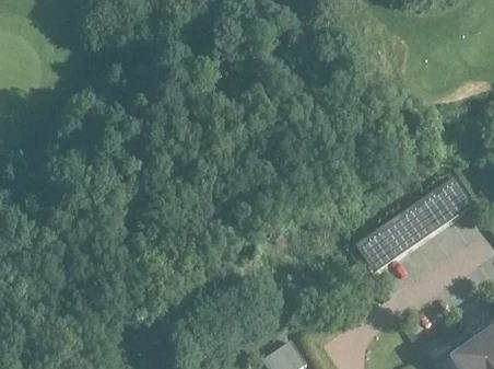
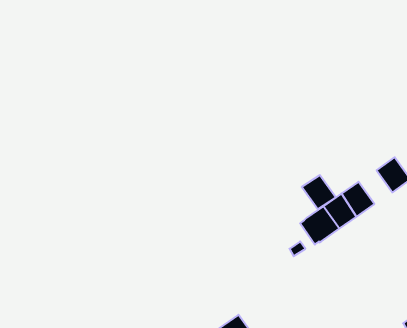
building: [415,188,450,223] -> [302,175,336,209]

